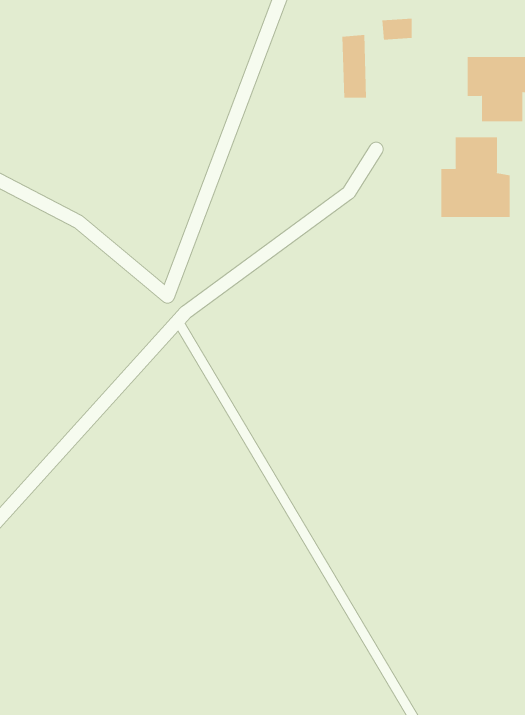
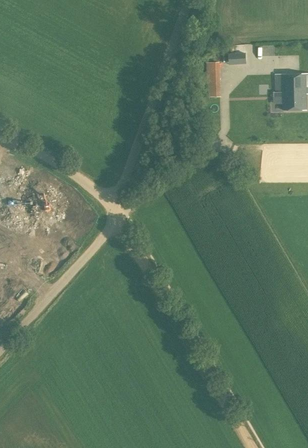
building: [441,136,510,218] -> none

